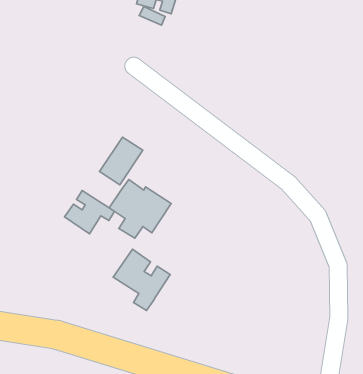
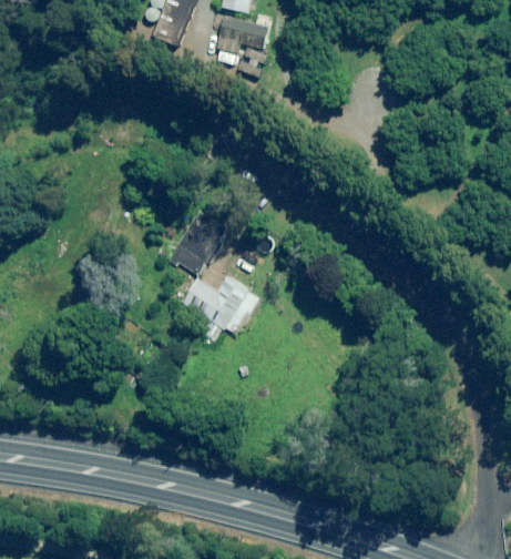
building: [65,190,114,234] -> none
building: [113,249,170,311] -> none

